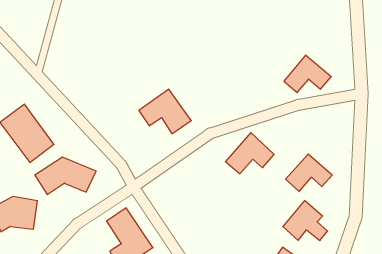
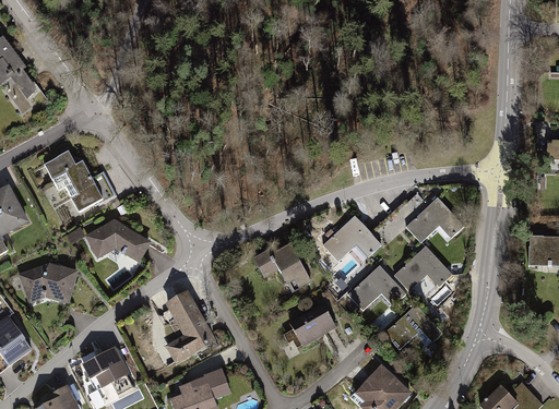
building: [284,55,331,93] -> [406,195,466,241]
building: [139,89,191,134] -> [251,237,316,293]
building: none -> [346,266,405,314]
building: none -> [287,301,338,348]

